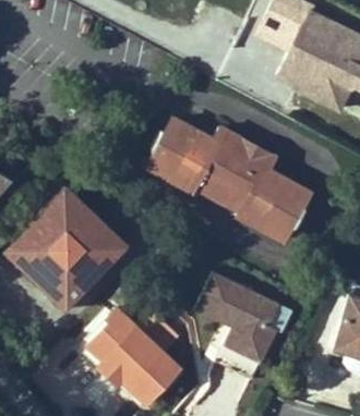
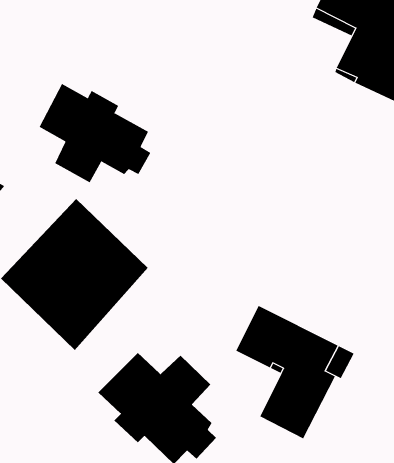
building: none -> [39,83,151,183]
building: [145,119,305,240] -> none

